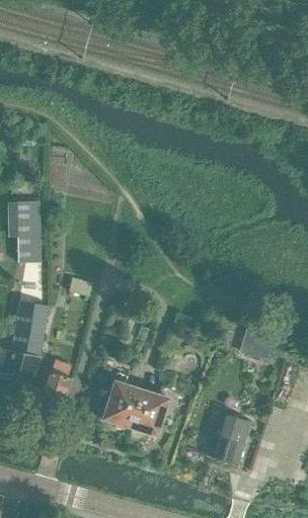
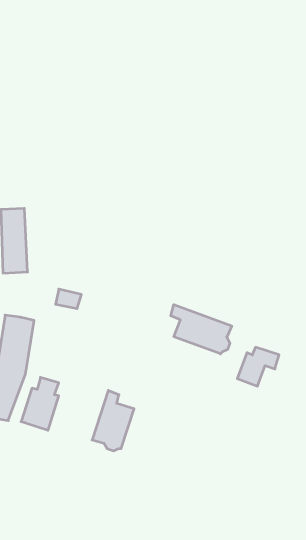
building: none -> [171,305,232,354]
building: [130,385,171,435] -> none
building: [207,411,249,462] -> none

